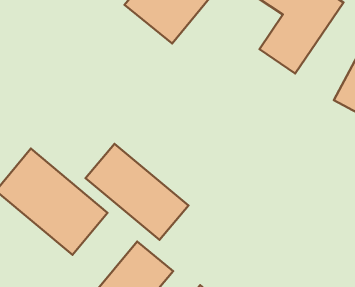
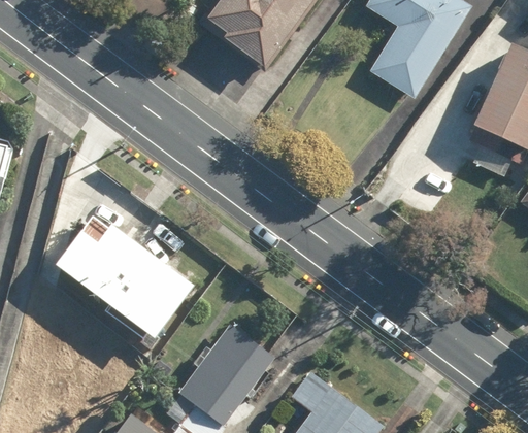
building: [85,144,188,240] -> none

